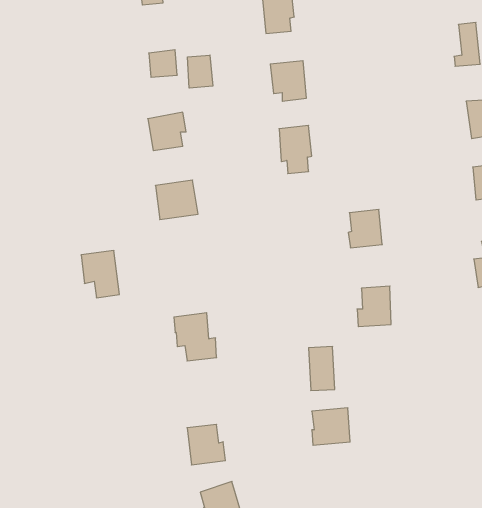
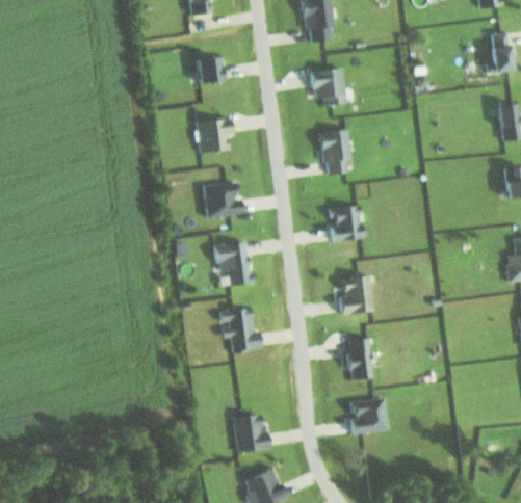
building: [188,55,213,88] -> none
building: [348,209,382,248] -> [330,205,362,241]
building: [81,251,119,298] -> [214,240,251,285]
building: [357,286,391,327] -> [339,274,371,313]

